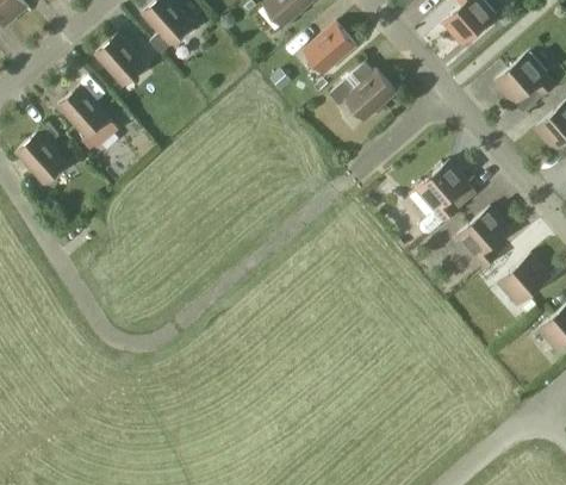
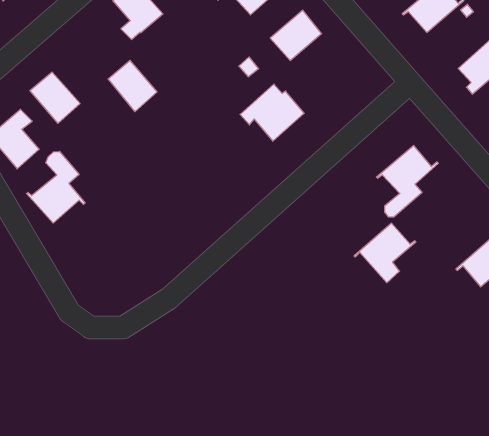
building: [95,35,145,87] -> [108,60,157,112]
building: [330,63,396,122] -> [240,84,304,141]
building: none -> [26,151,85,223]
building: [452,207,515,268] -> [354,223,416,283]

